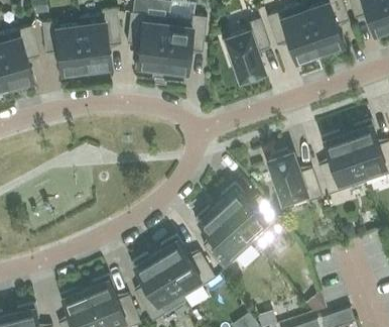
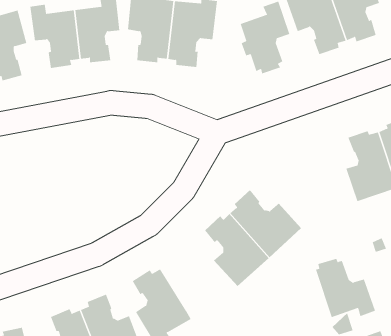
building: [268,150,321,203] -> [315,258,376,318]
building: [156,236,216,298] -> none

